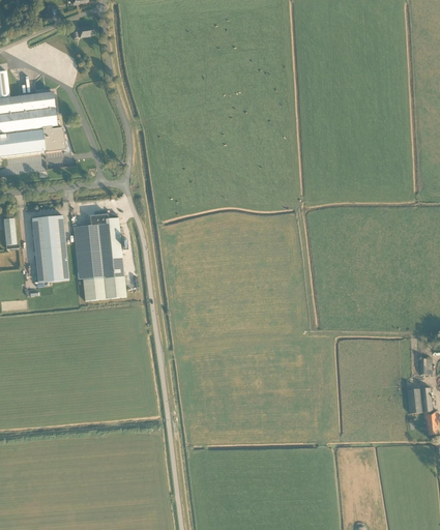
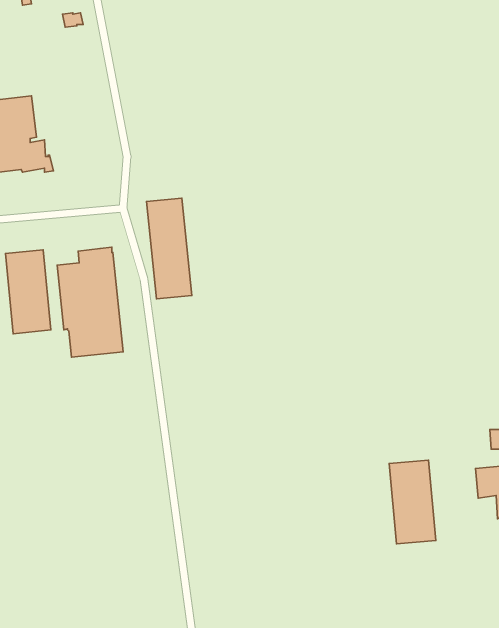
building: none -> [147,198,192,299]
building: none -> [389,460,436,544]

